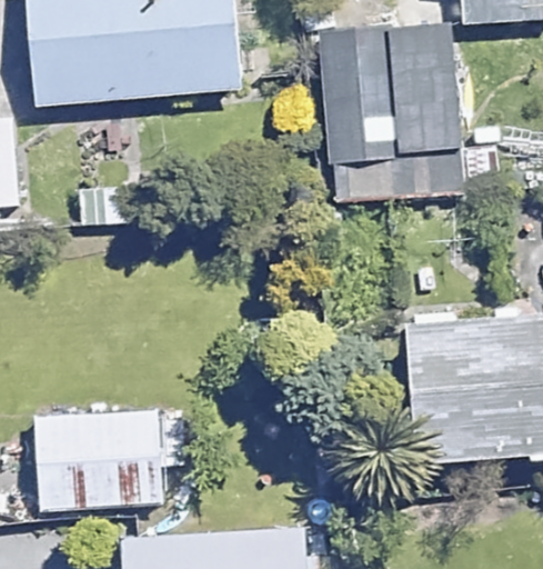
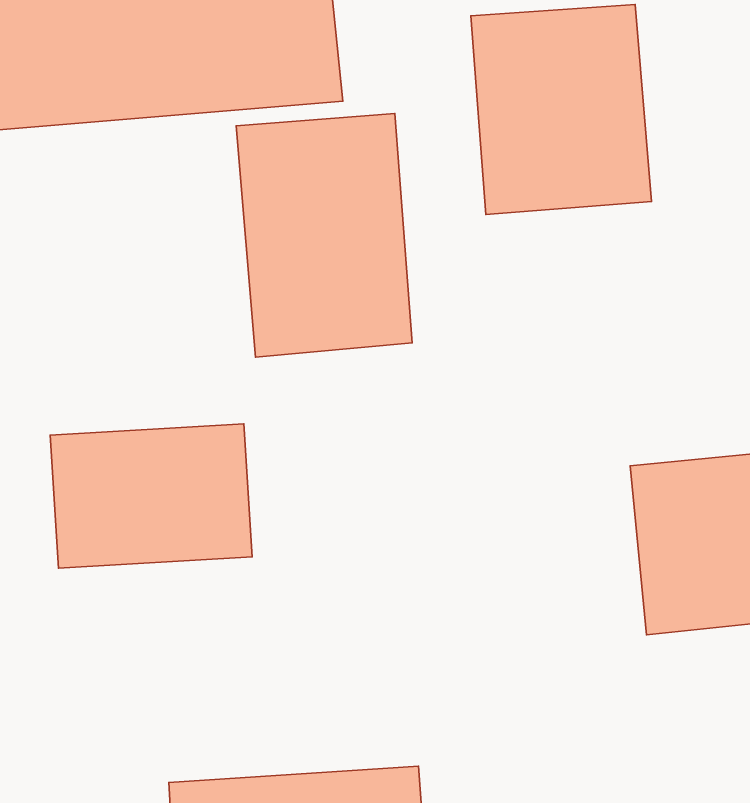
building: none -> [236,113,412,357]
building: [30,407,167,505] -> [50,424,252,568]

